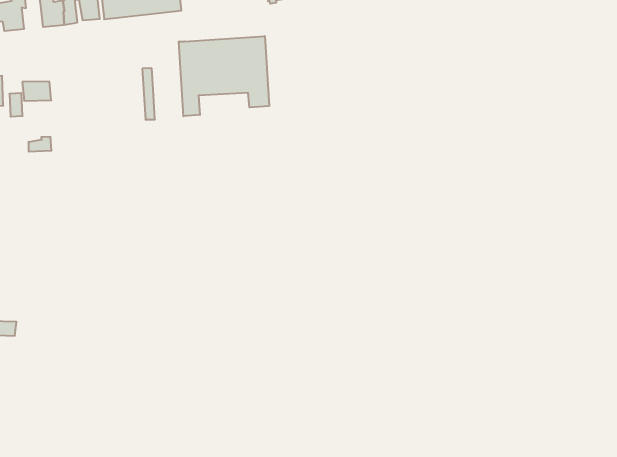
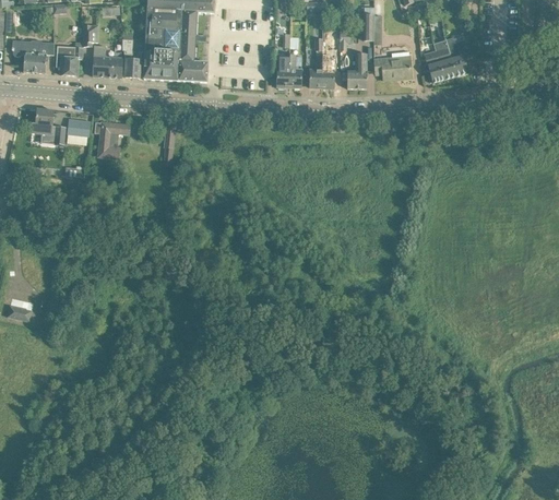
building: [179,36,269,116] -> none
building: none -> [94,120,130,156]

